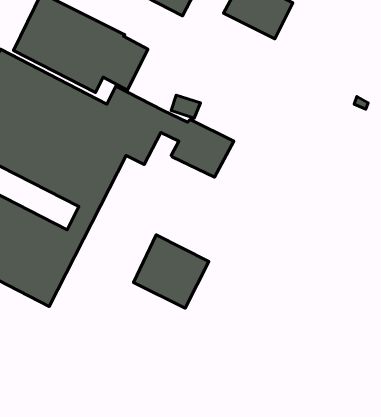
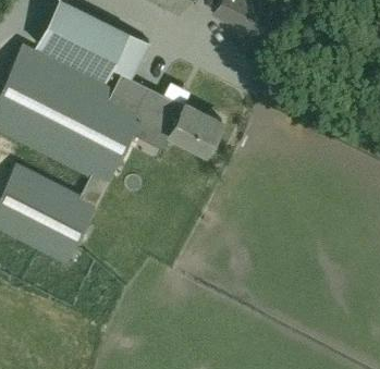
building: [133,235,209,308] -> none

